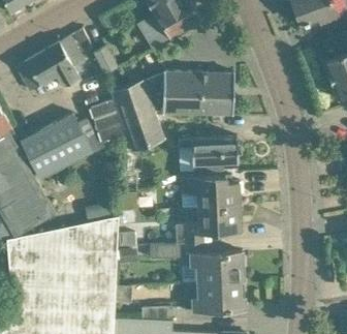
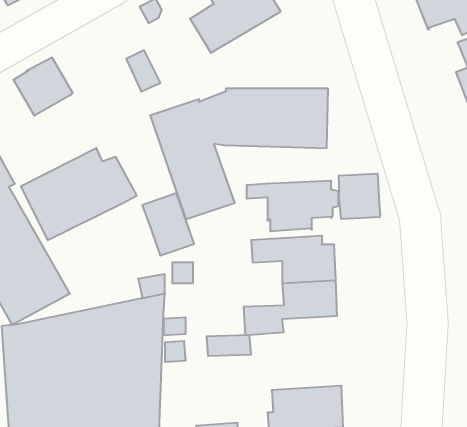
building: [42,35,84,86] -> none
building: [89,99,125,143] -> [142,193,194,256]
building: none -> [339,174,380,219]
building: [190,251,244,282] -> none

